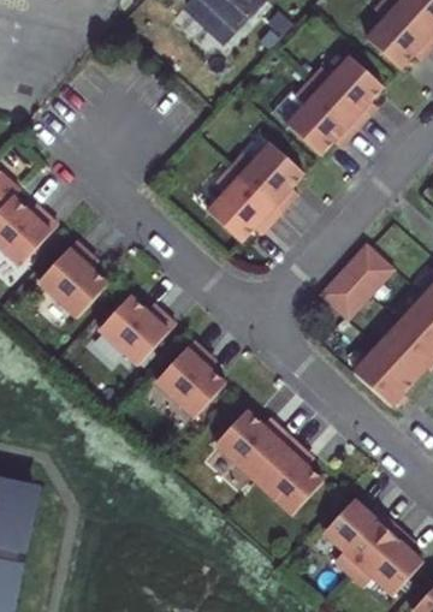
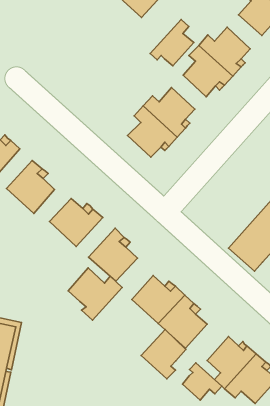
building: none -> [150,19,194,66]
building: [318,242,395,320] -> none
building: none -> [68,268,122,320]
building: none -> [141,330,186,379]
building: none -> [182,363,222,400]

